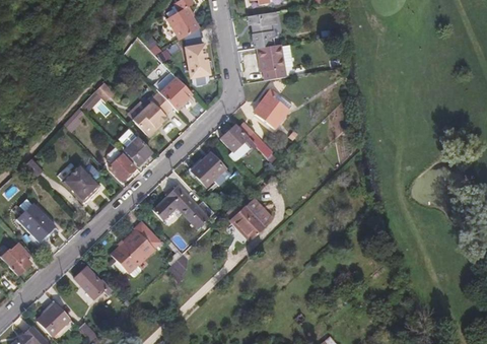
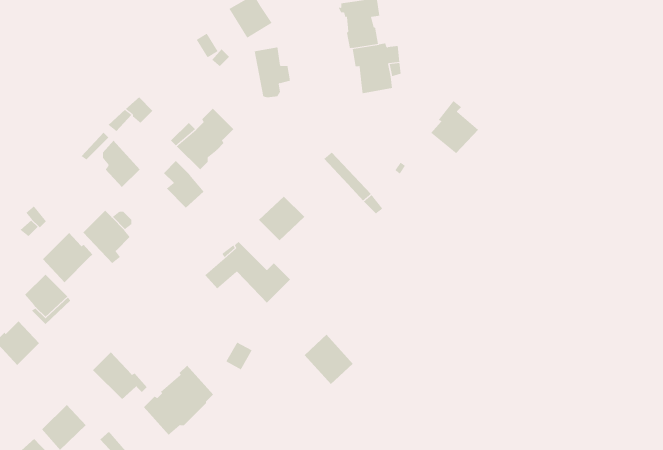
building: [155,76,193,109] -> none
building: [255,89,289,128] -> [431,100,479,154]
building: [221,125,255,161] -> none
building: [108,144,135,179] -> [102,140,140,188]
building: none -> [42,232,93,283]
building: [229,204,265,240] -> [304,334,354,385]
building: [110,222,160,273] -> [143,365,214,436]

